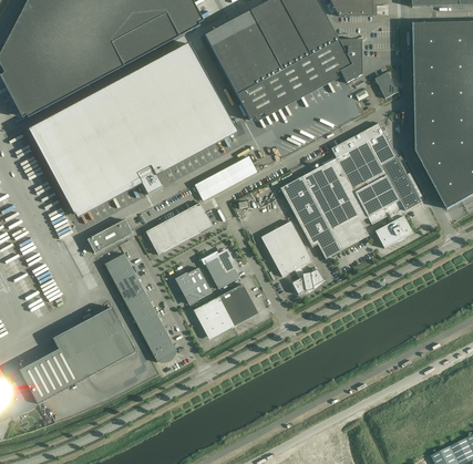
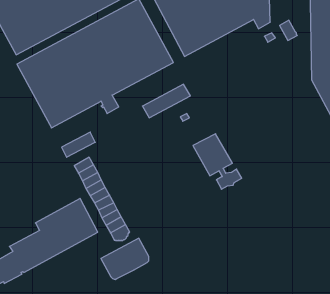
building: [280,122,421,258] -> none
building: [146,202,213,254] -> none
building: [205,250,239,288] -> none
building: [177,266,212,302] -> none
building: [193,282,256,337] -> [101,238,149,279]

